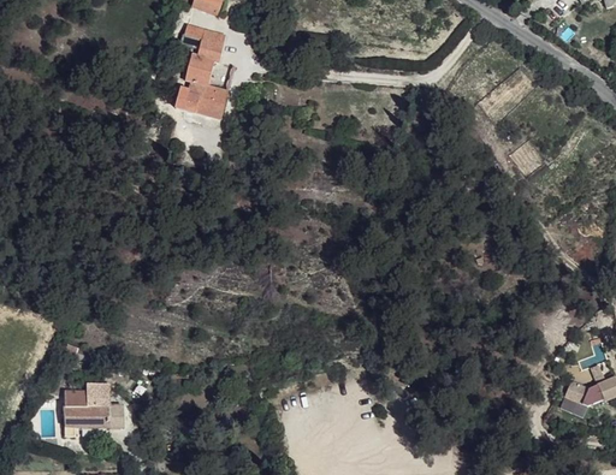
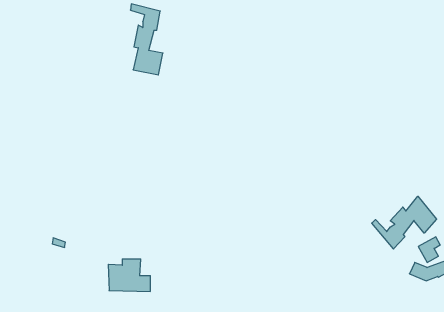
building: none -> [372,196,437,249]
building: [65,380,123,424] -> [108,259,150,291]

